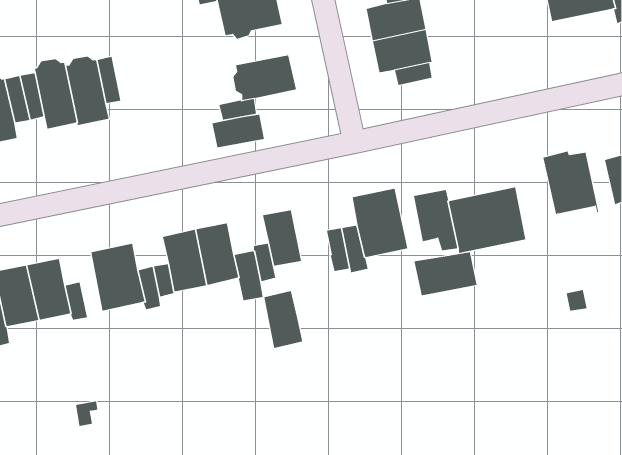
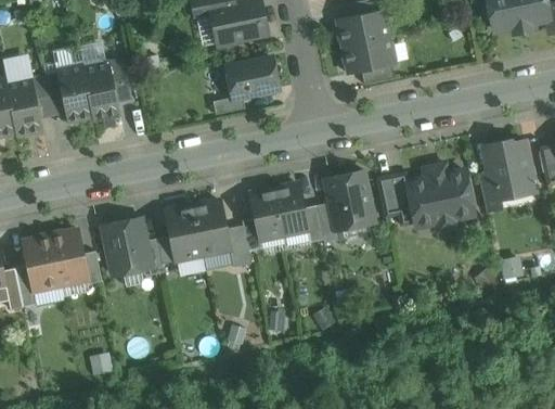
building: [212,114,265,148] -> none
building: none -> [478,170,503,212]
building: [414,251,477,296] -> none
building: [263,291,303,348] -> [274,184,308,233]

